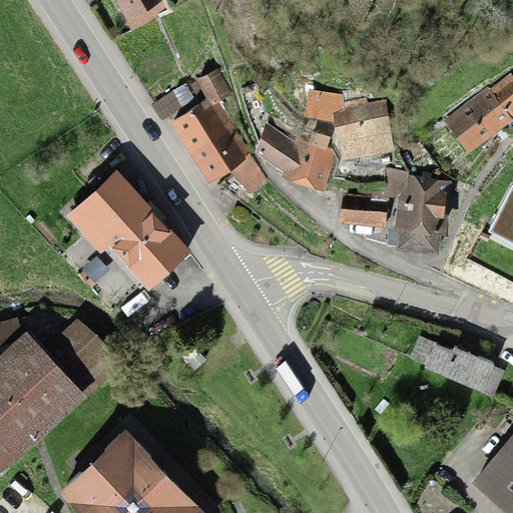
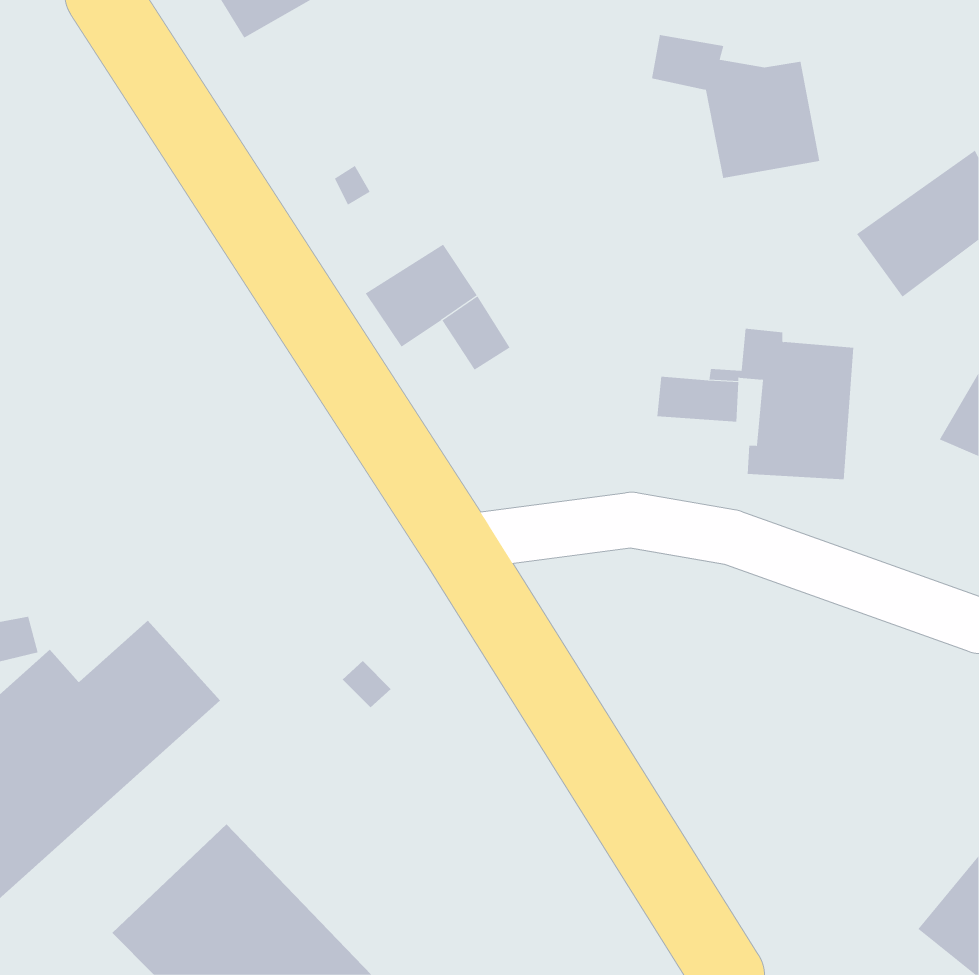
building: [170,73,231,153] -> none
building: [306,90,394,165] -> [651,34,820,178]
building: [262,128,333,186] -> none
building: [69,177,184,284] -> none
building: [412,341,506,399] -> none

